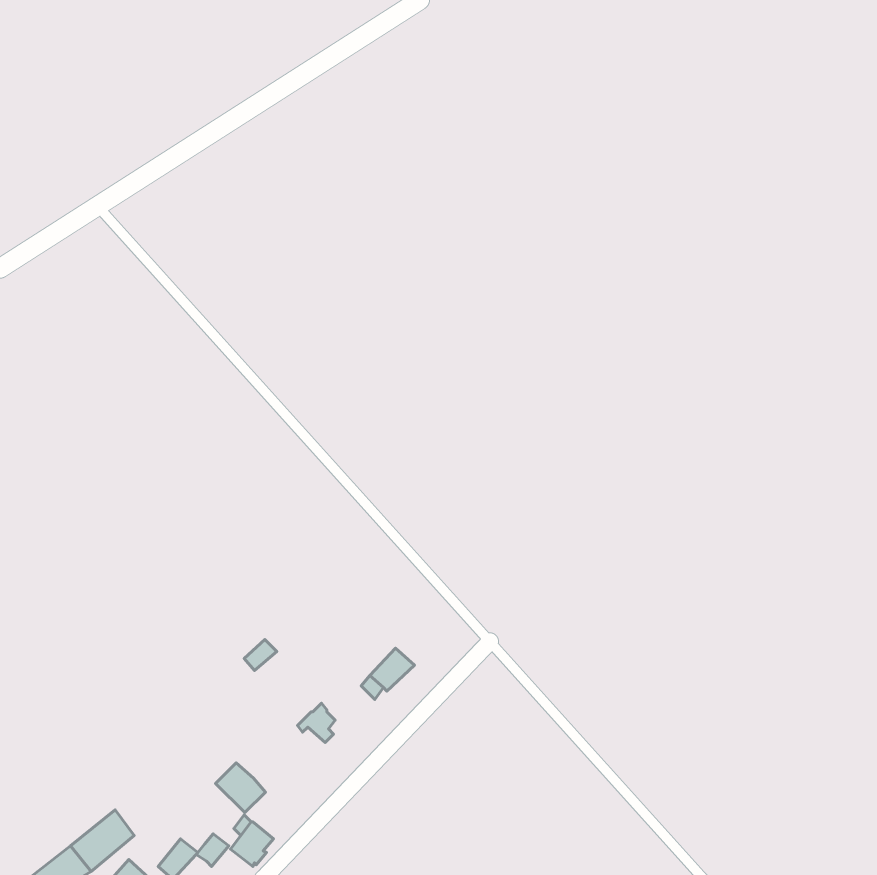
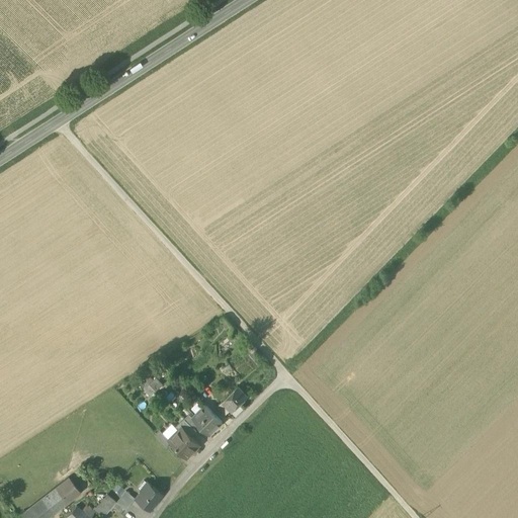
building: none -> [193,407,223,437]
building: [216,763,265,813] -> [170,430,199,459]

